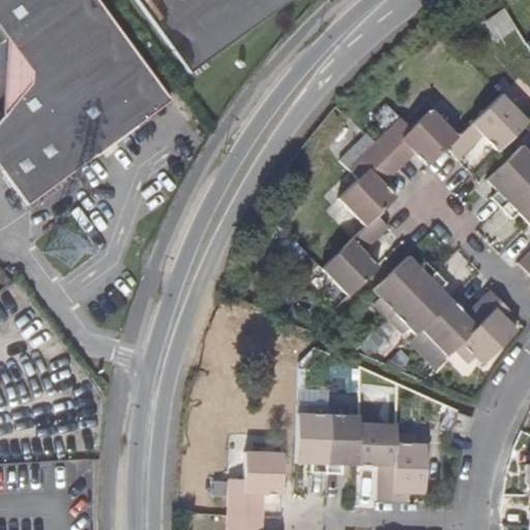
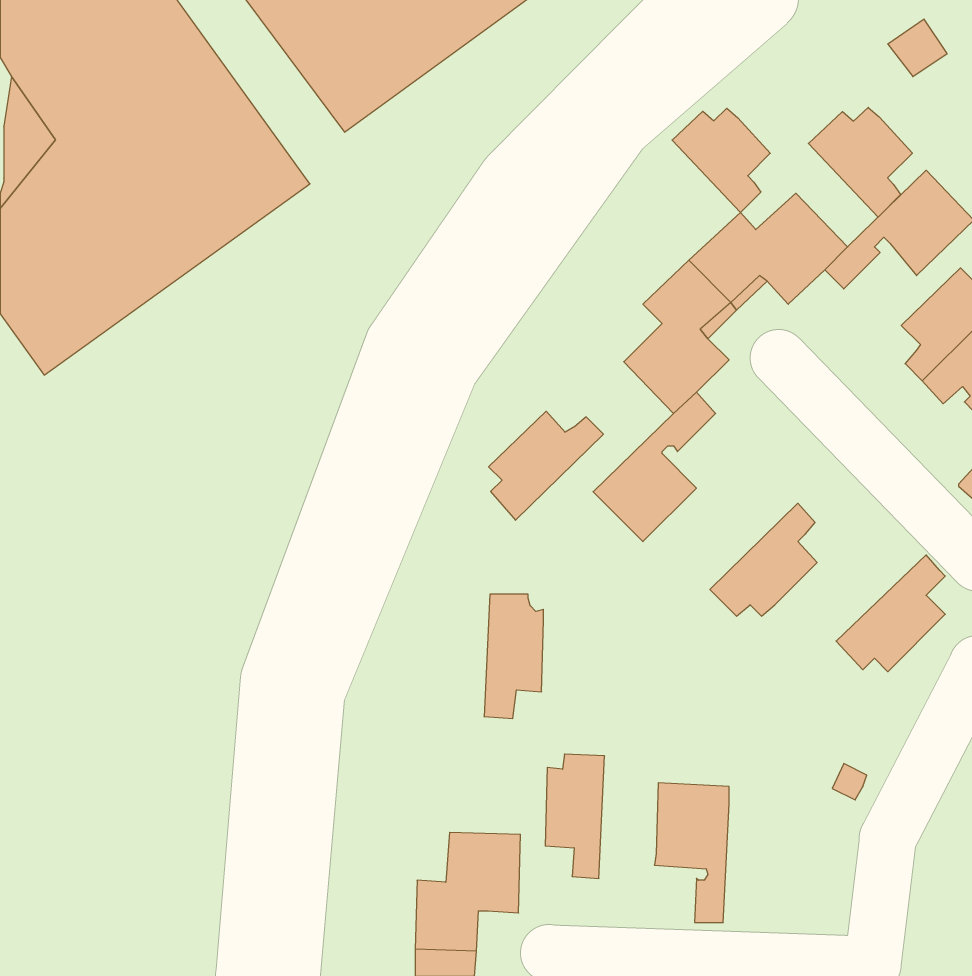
building: none -> [808,107,912,217]
building: none -> [672,108,770,212]
building: [373,260,435,319] -> [489,411,603,520]
building: [422,289,504,355] -> none
building: [327,409,359,476] -> [484,594,543,719]
building: [394,435,429,500] -> none

